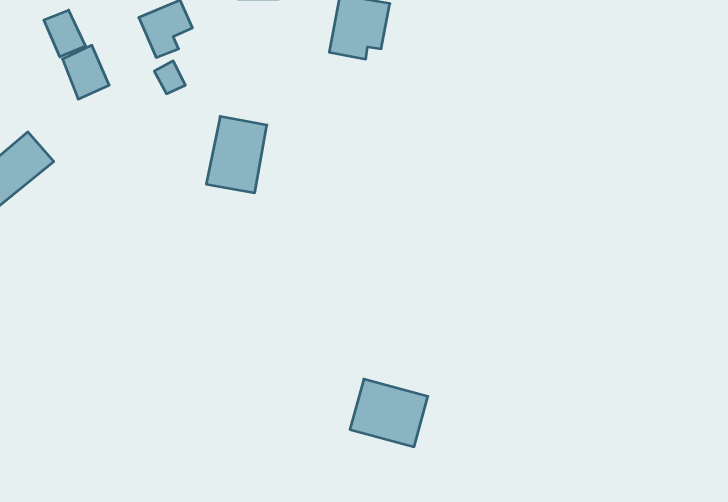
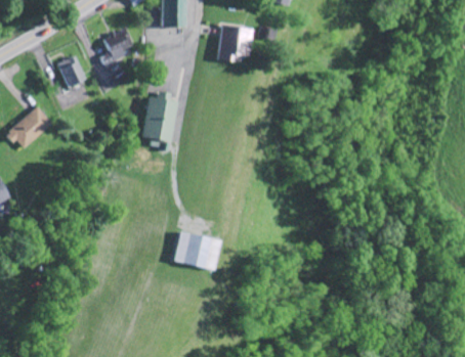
building: [44,10,86,57] -> none
building: [350,379,428,447] -> [171,230,217,270]

